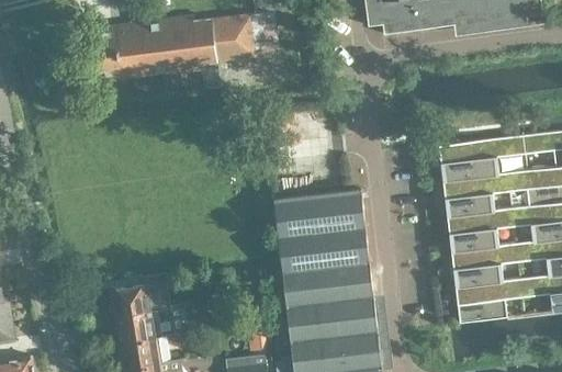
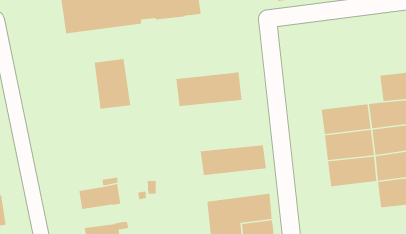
building: none -> [94,58,131,110]
building: [438,135,527,181] -> none
building: [273,190,364,238] -> [175,71,242,107]
building: [282,262,373,306] -> none
building: [456,280,524,324] -> none
building: [116,311,175,342] -> none

